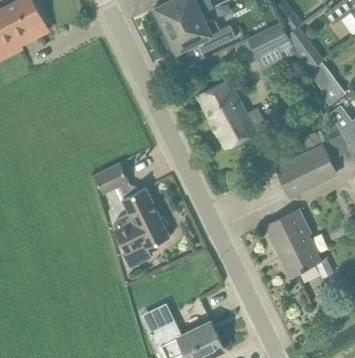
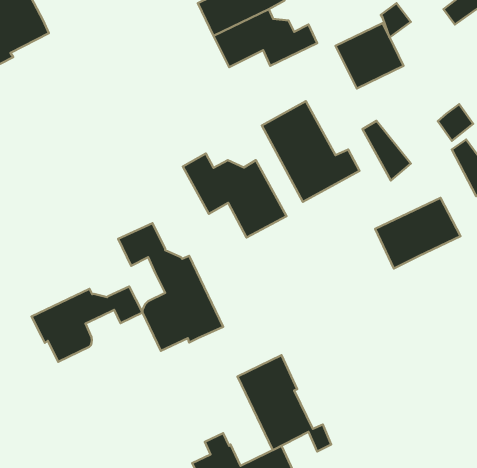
building: [288,29,322,71] -> [362,121,411,180]
building: none -> [183,153,286,238]
building: none -> [32,286,142,362]
building: [266,209,332,277] -> [237,355,331,452]

